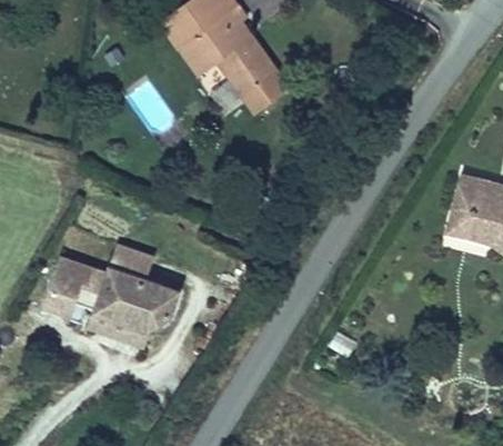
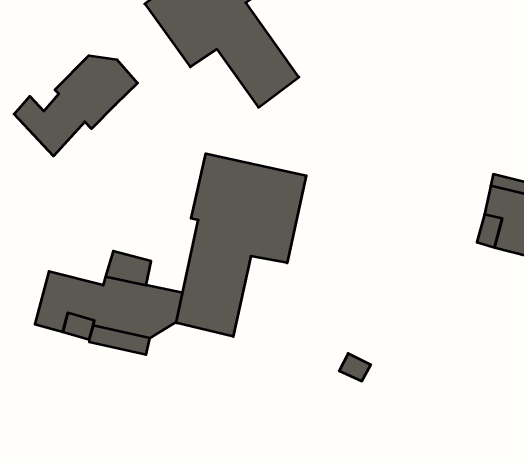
building: none -> [14,56,138,156]
building: none -> [176,154,306,337]

